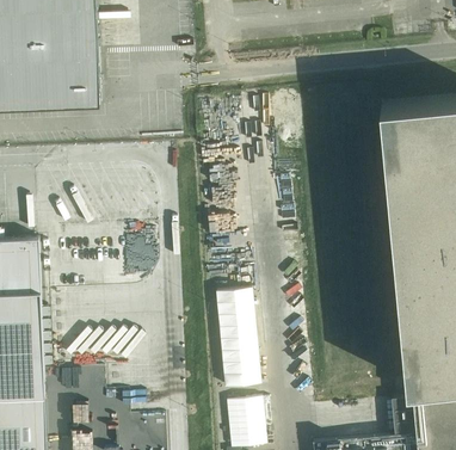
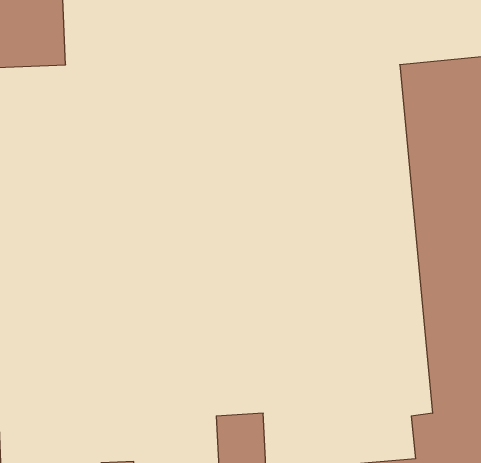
building: [215,286,259,384] -> none

